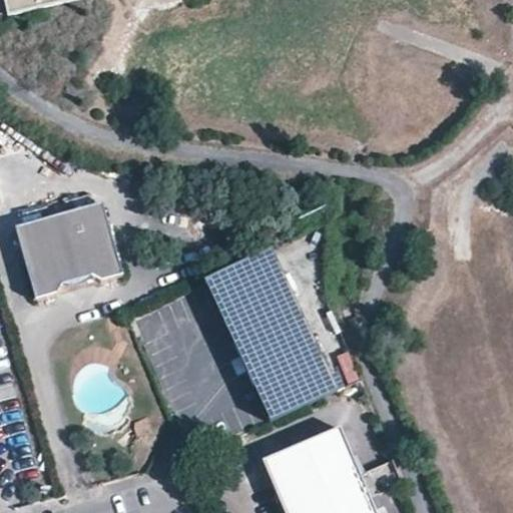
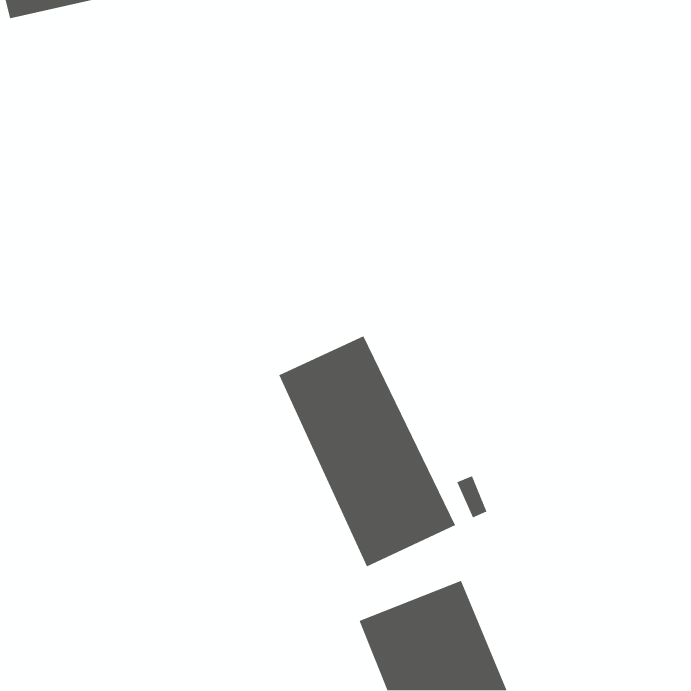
building: [12,200,120,302] -> none

